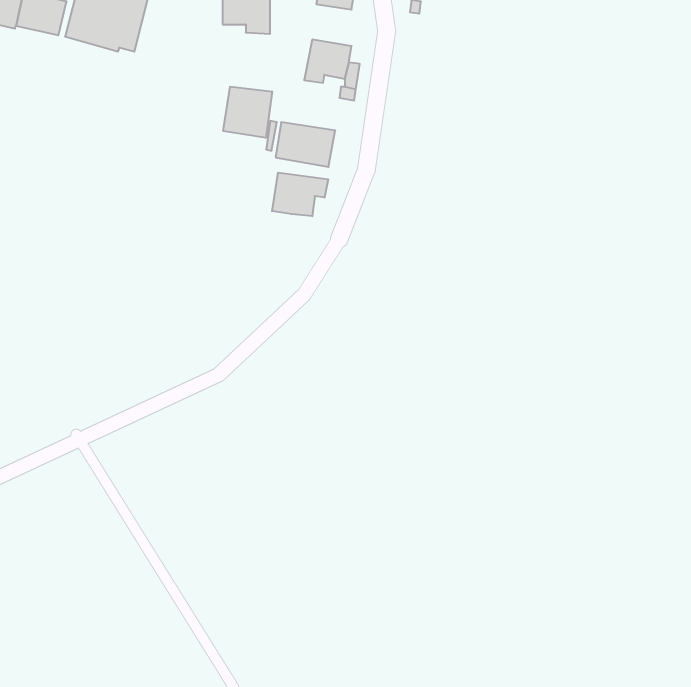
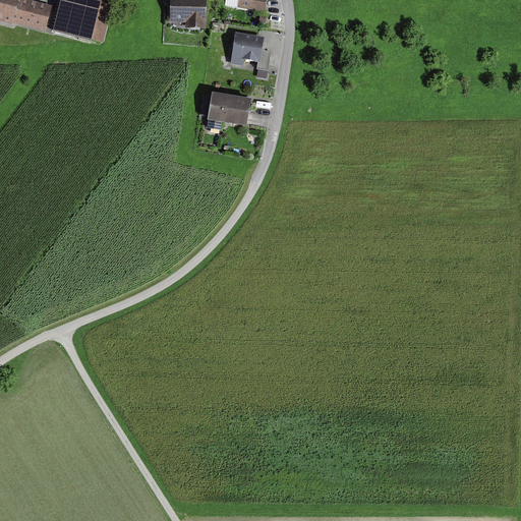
building: [223,87,272,138] -> none
building: [272,173,328,216] -> none

